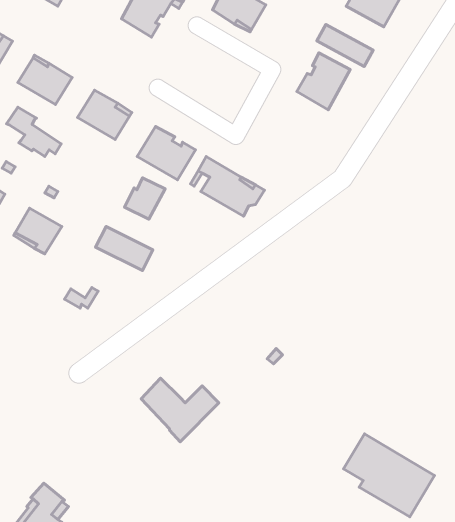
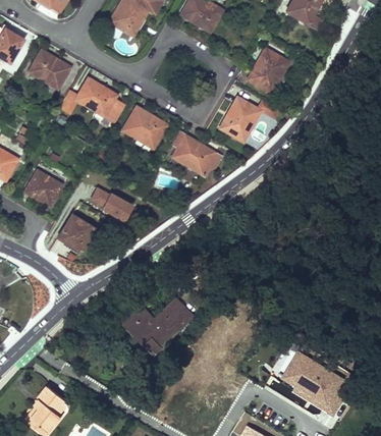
building: [317,24,373,67] -> none
building: [6,107,61,156] -> none
building: none -> [219,97,261,142]
building: [124,178,165,219] -> none
building: none -> [57,214,95,241]
building: none -> [155,297,194,323]

